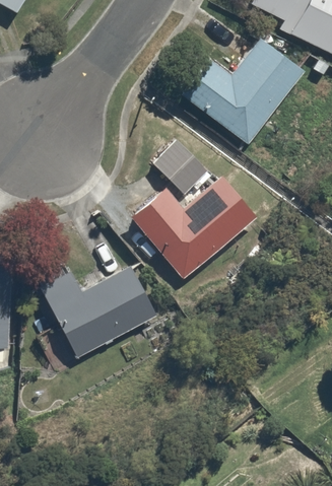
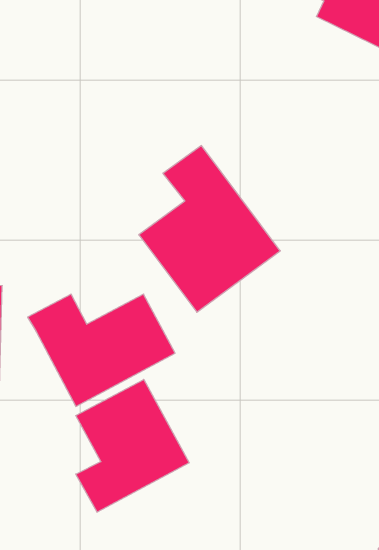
building: [179,31,311,148] -> none
building: none -> [76,379,189,512]

